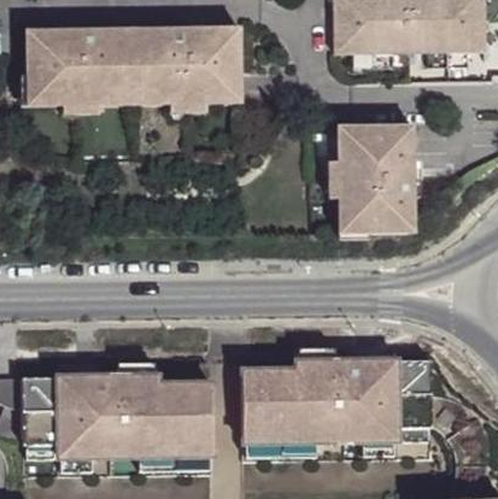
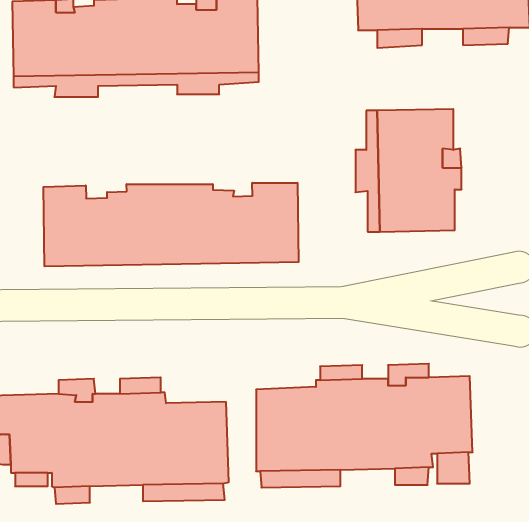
building: none -> [43,183,299,266]

